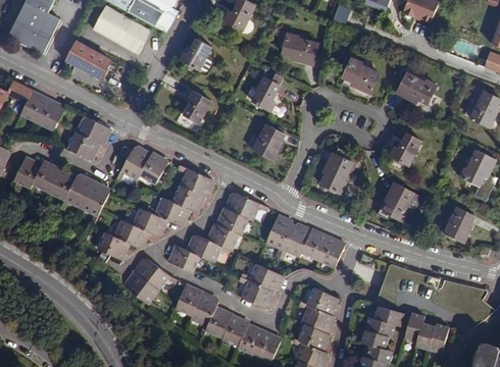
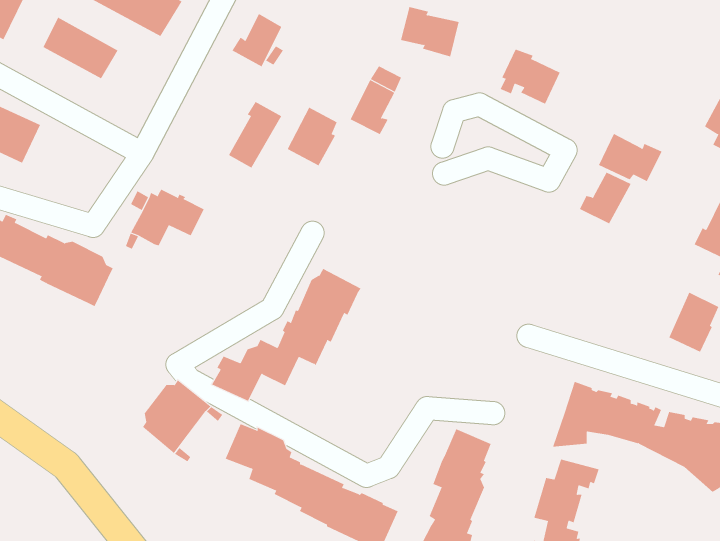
building: [397,73,436,103] -> [598,133,662,182]
building: [67,115,110,160] -> none
building: [252,124,283,160] -> [287,107,338,166]
building: [320,147,358,193] -> none
building: [98,168,210,260] -> none
building: [374,182,418,221] -> none
building: [265,214,344,265] -> none
building: [241,264,284,309] -> none
building: [405,315,447,352] -> none

